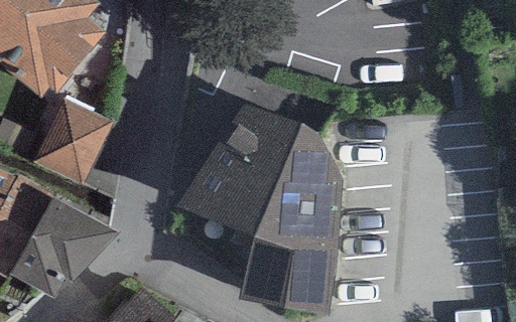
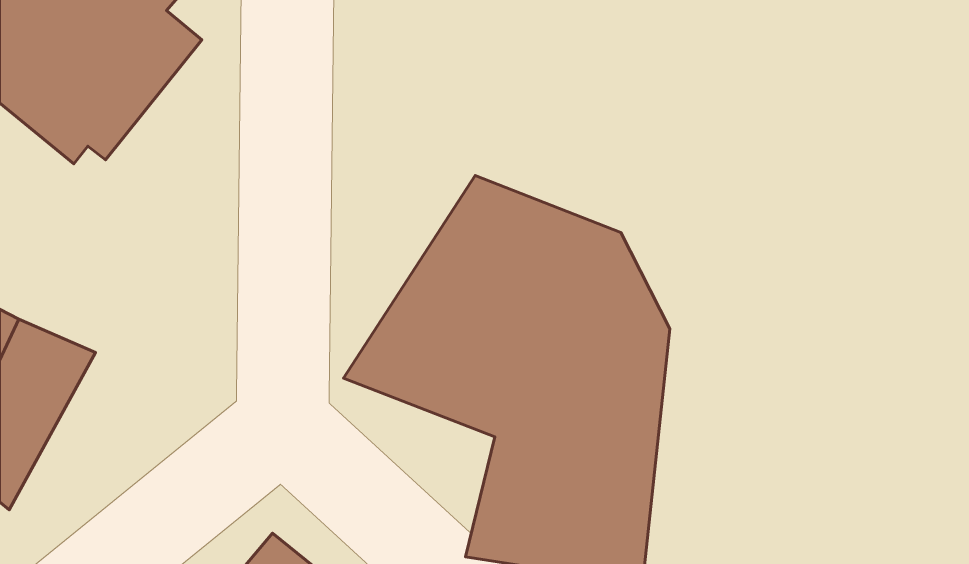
building: [33,95,113,181] -> none
building: [5,195,117,298] -> none

